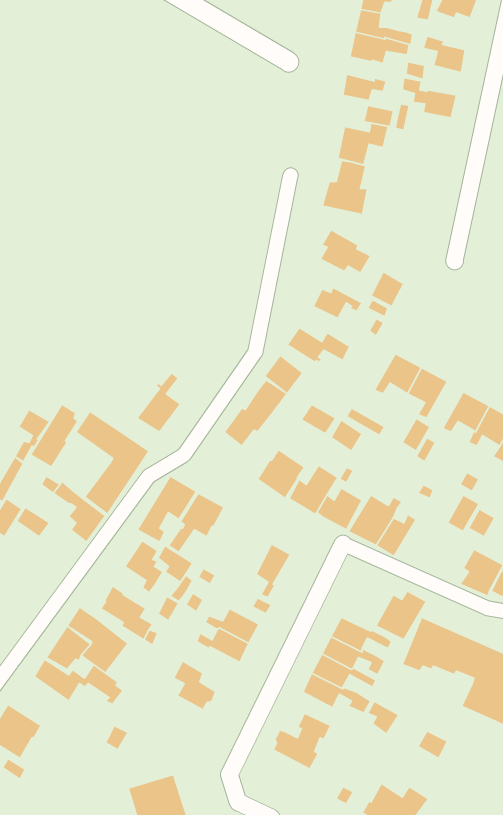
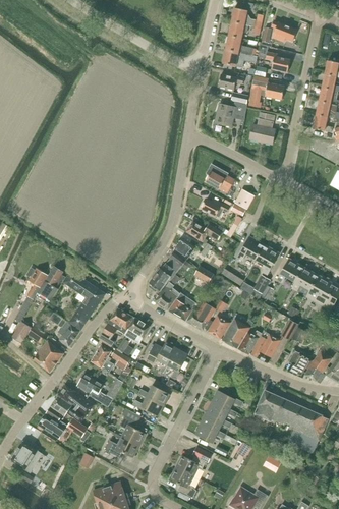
building: [322,160,368,215] -> [248,112,275,144]
building: [137,373,180,432] -> [154,275,179,309]
building: none -> [33,340,63,372]
building: none -> [146,341,176,373]
building: [376,591,426,640] -> [250,334,280,362]
building: none -> [104,436,136,457]
building: none -> [169,467,199,497]

